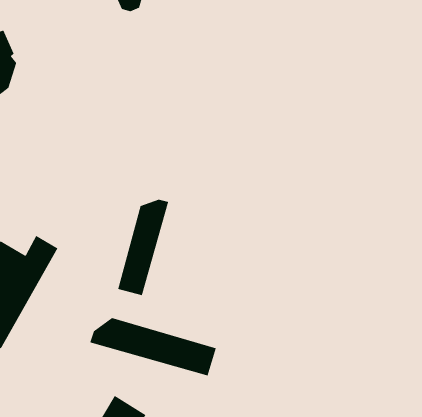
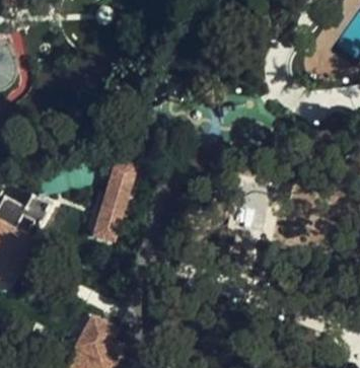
building: [89,317,217,376] -> none

